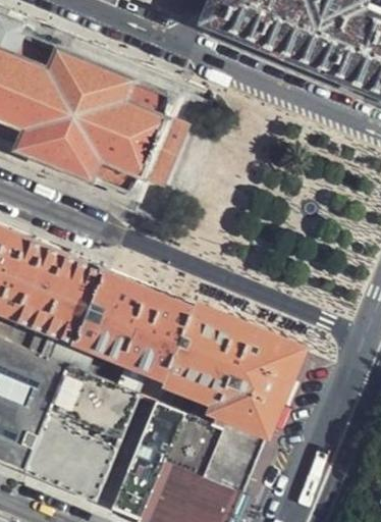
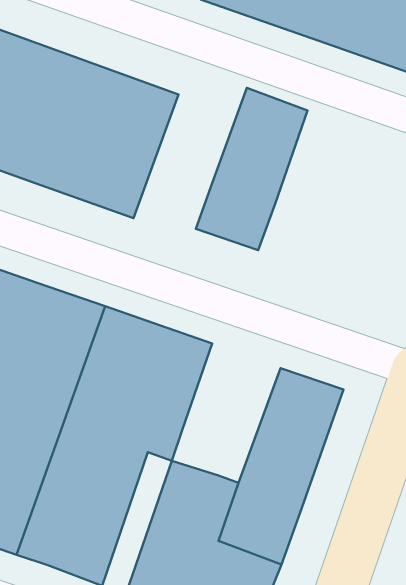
building: none -> [196,88,308,250]
building: [168,306,252,422] -> none

